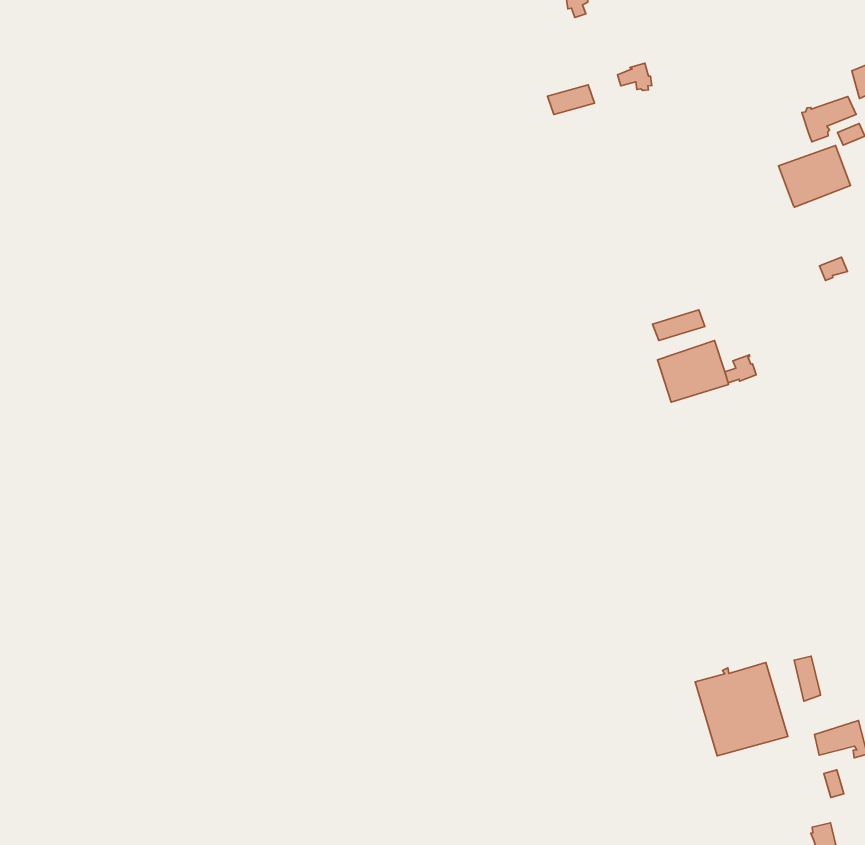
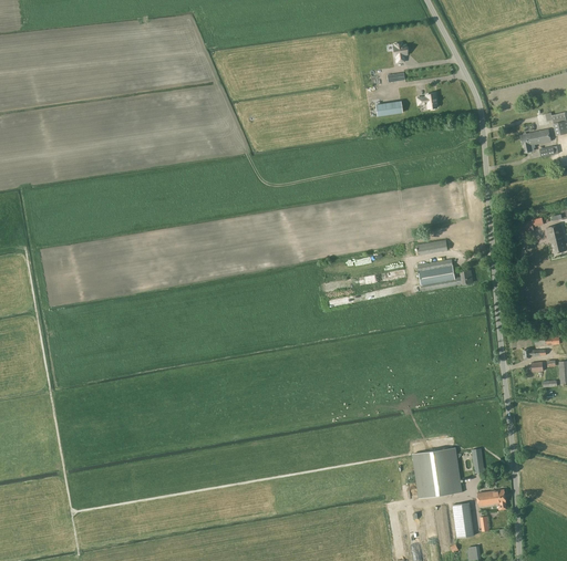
building: [778,146,850,207] -> none
building: none -> [452,501,473,537]

